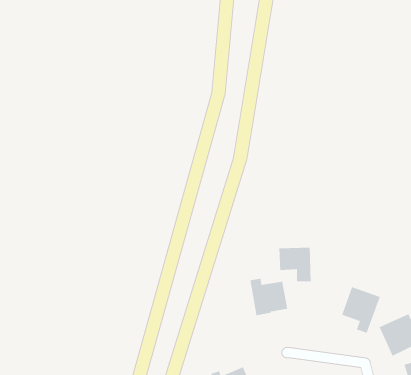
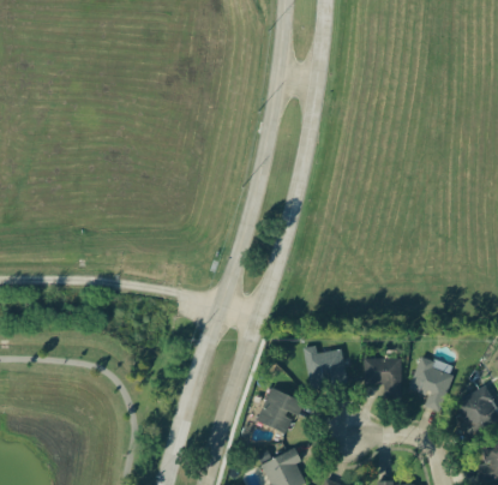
building: [278,247,312,282] -> [364,358,402,399]
building: none -> [257,388,305,433]

